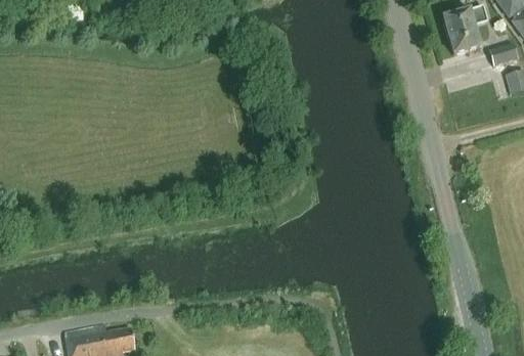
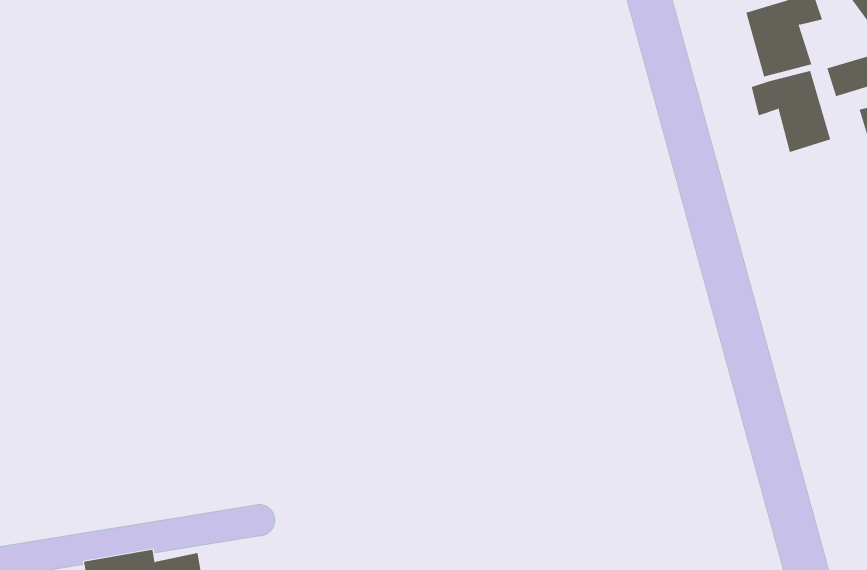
building: none -> [751,70,831,153]

